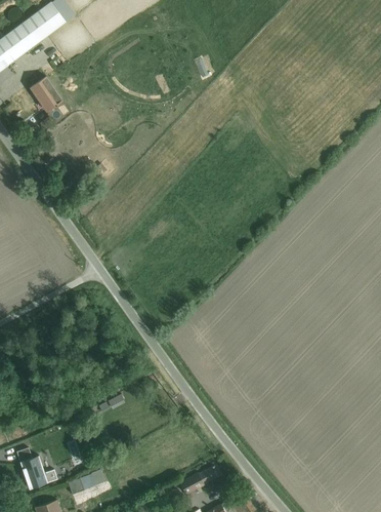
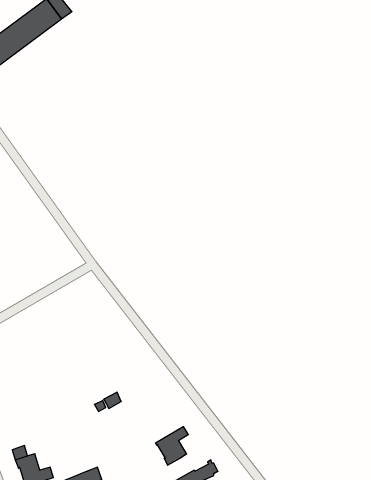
building: [30,77,62,112] -> none
building: none -> [155,427,188,465]

